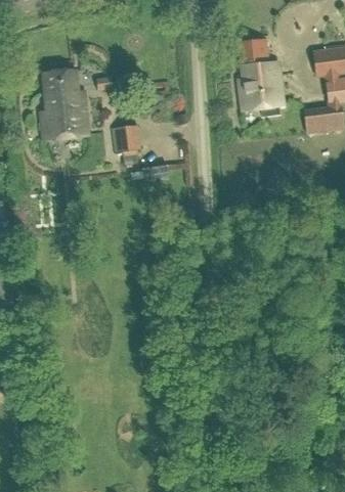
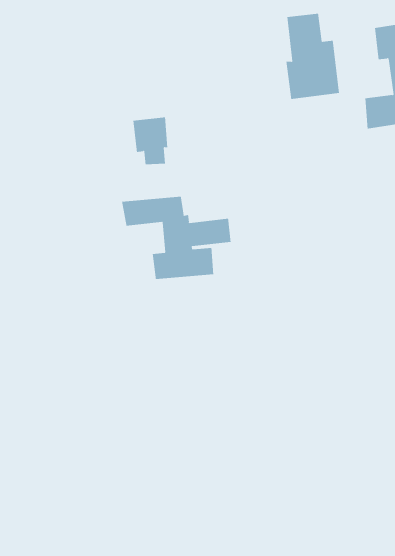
building: [41,69,88,138] -> none
building: none -> [122,196,231,280]

